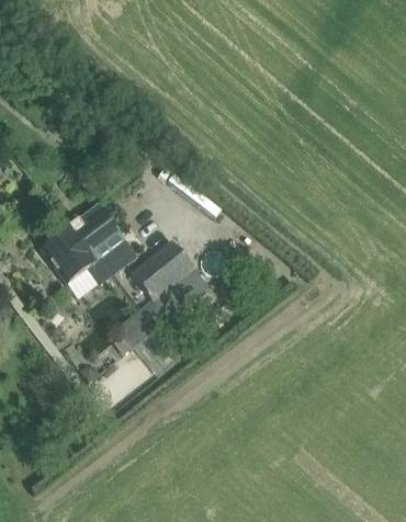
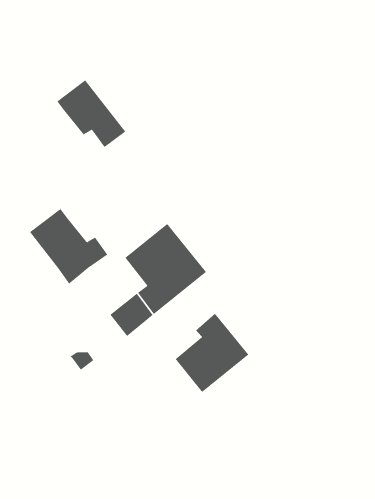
building: [71,205,137,270] -> [57,79,126,148]
building: none -> [175,313,249,393]

